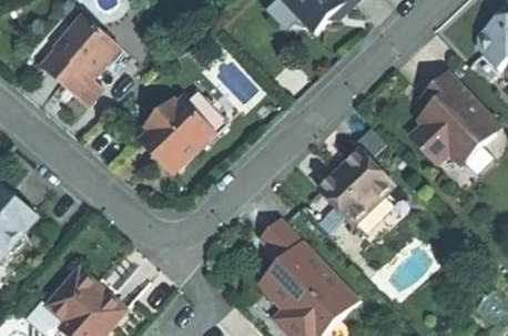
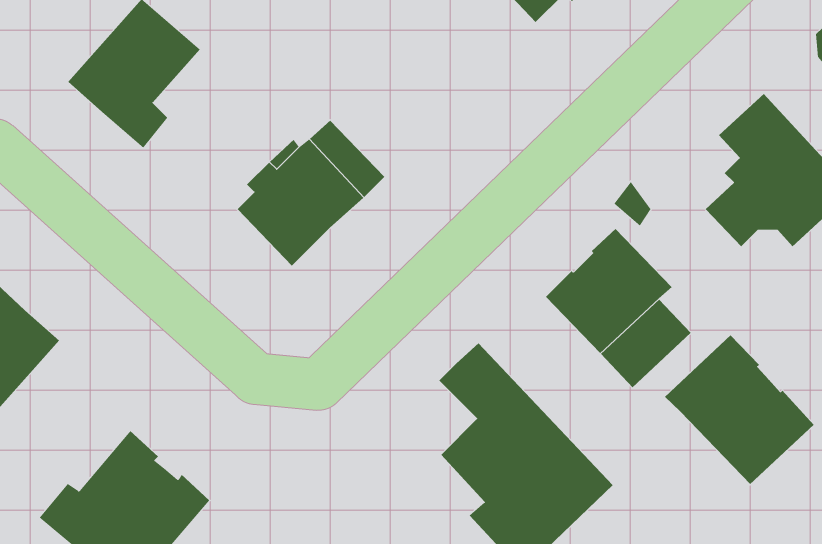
building: none -> [664,335,814,485]

